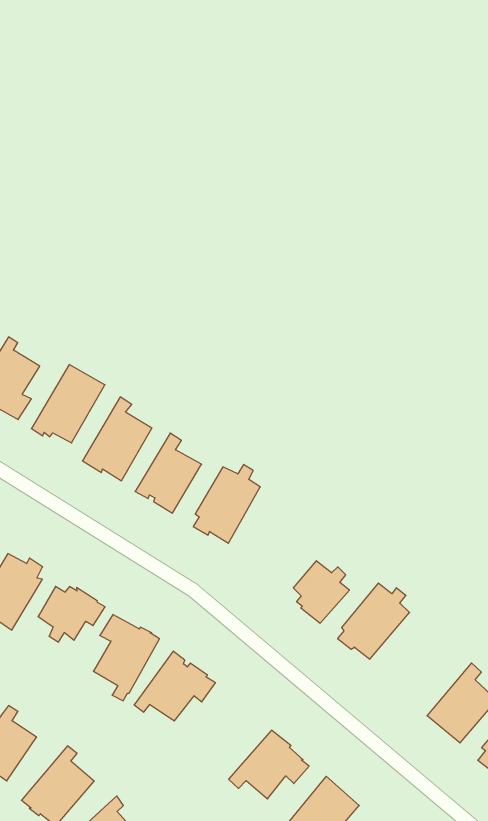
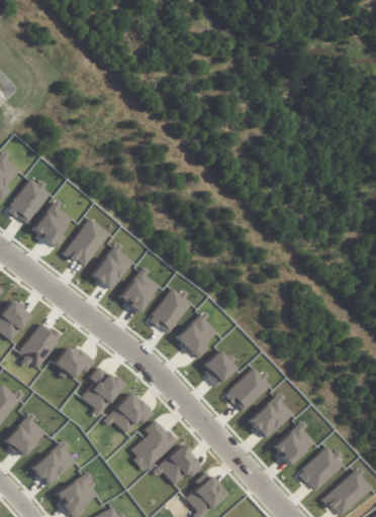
building: none -> [176,311,215,358]
building: none -> [248,392,291,438]
building: none -> [129,420,175,468]

